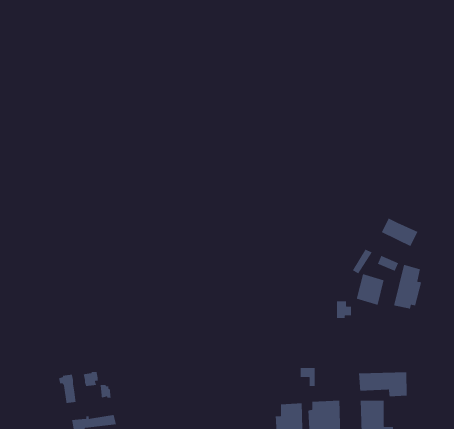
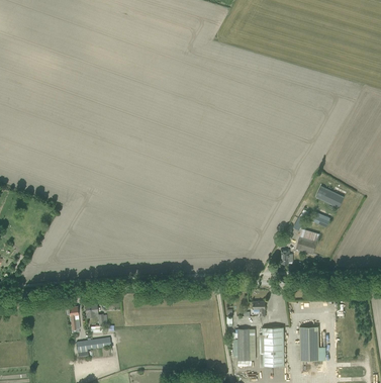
building: [393,264,422,309] -> none
building: [358,371,408,397] -> none

